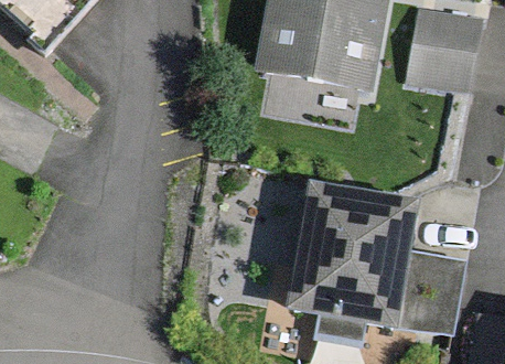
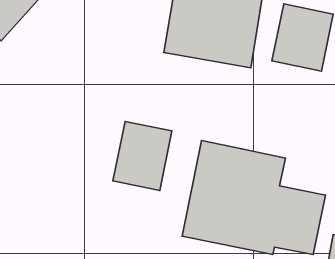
building: none -> [113,121,172,191]

